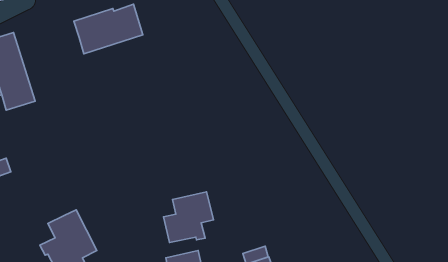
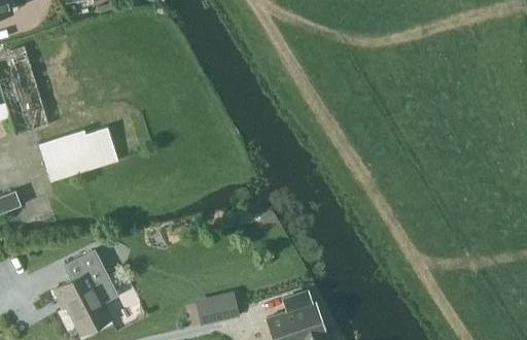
building: [74,4,143,54] -> [40,126,118,182]
building: [164,192,213,243] -> none

